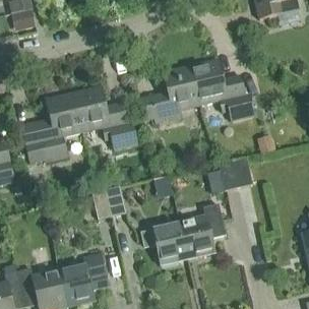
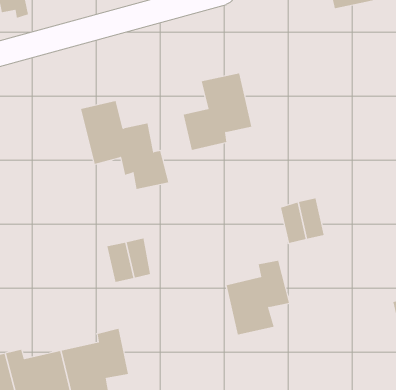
building: [189,59,254,121] -> none
building: [20,91,82,165] -> none
building: [140,221,187,264] -> none

